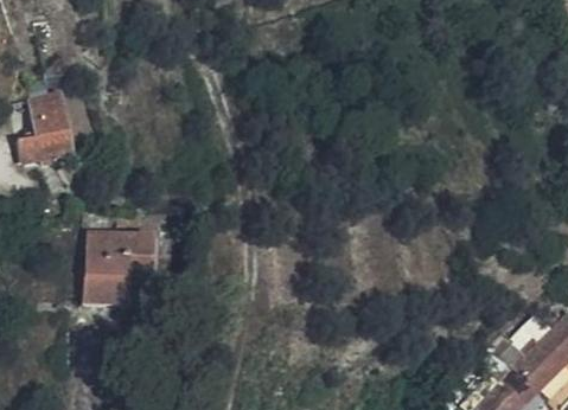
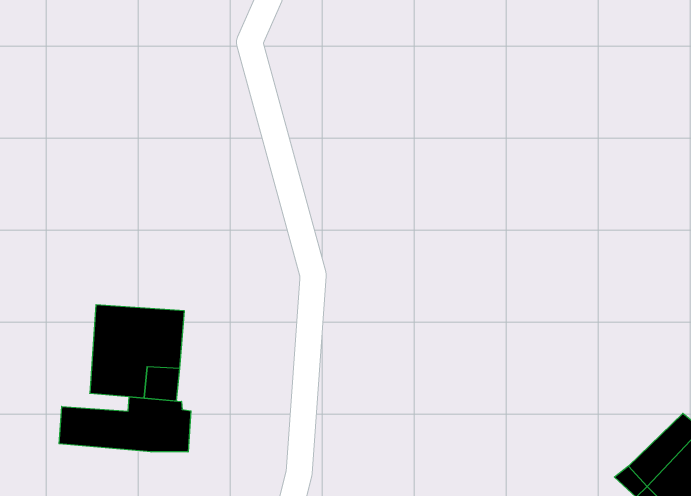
building: [20,90,72,167] -> none
building: none -> [59,397,191,452]

